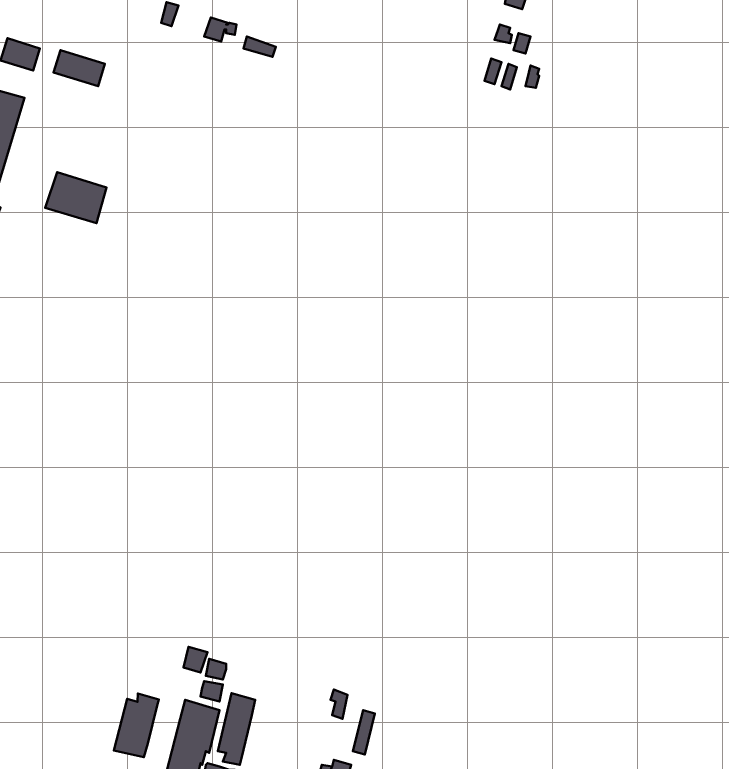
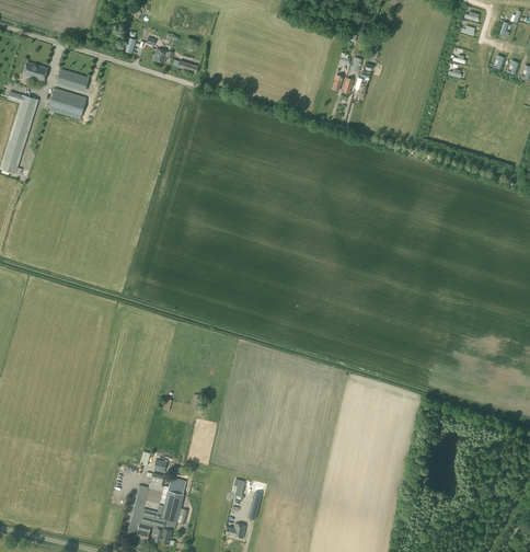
building: [45,172,107,223] -> [47,87,87,119]
building: [114,694,159,757] -> none

